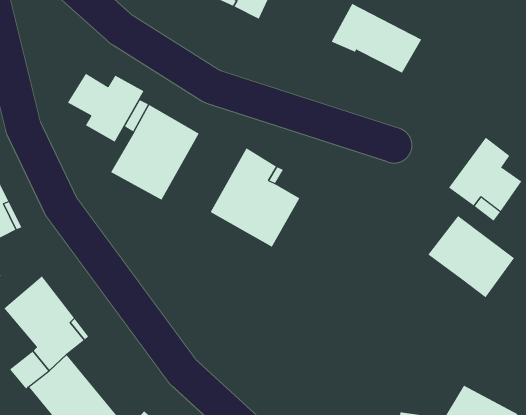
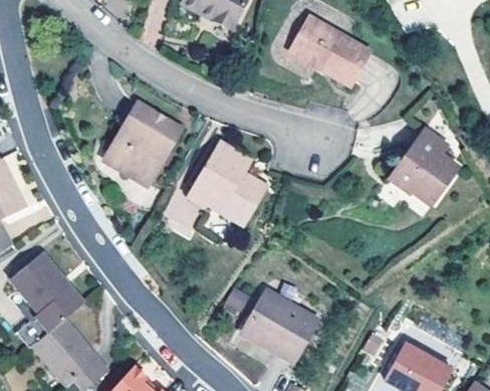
building: [67,73,144,143] -> none
building: [427,215,515,298] -> none
building: none -> [250,288,321,358]

